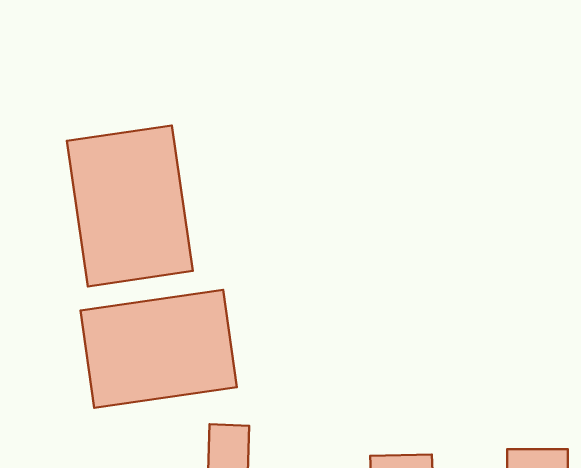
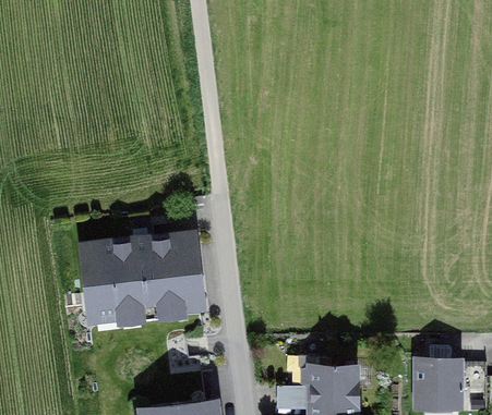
building: [67,125,193,286] -> none

